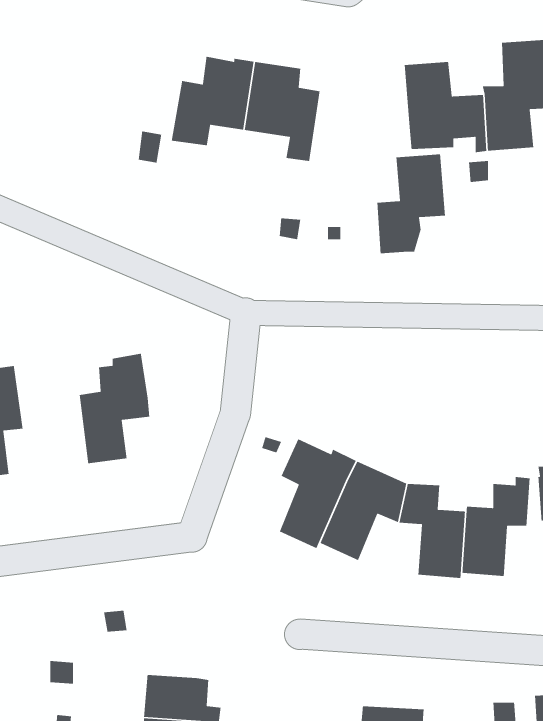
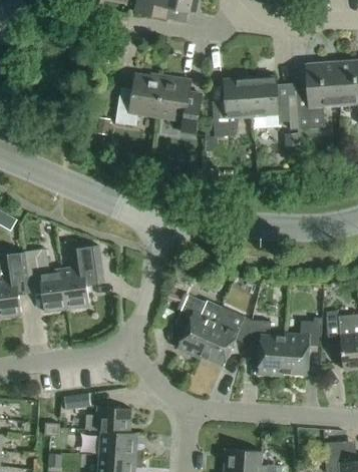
building: [376,153,446,254] -> [212,78,252,136]
building: none -> [24,249,66,312]
building: none -> [95,406,130,432]

